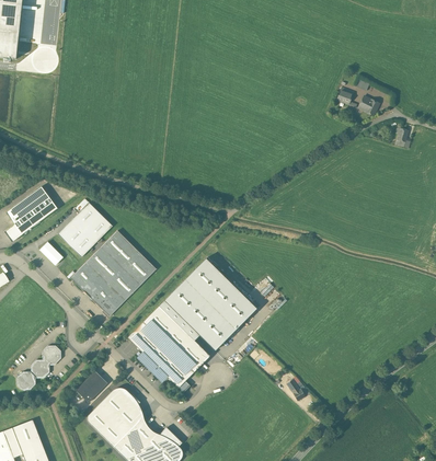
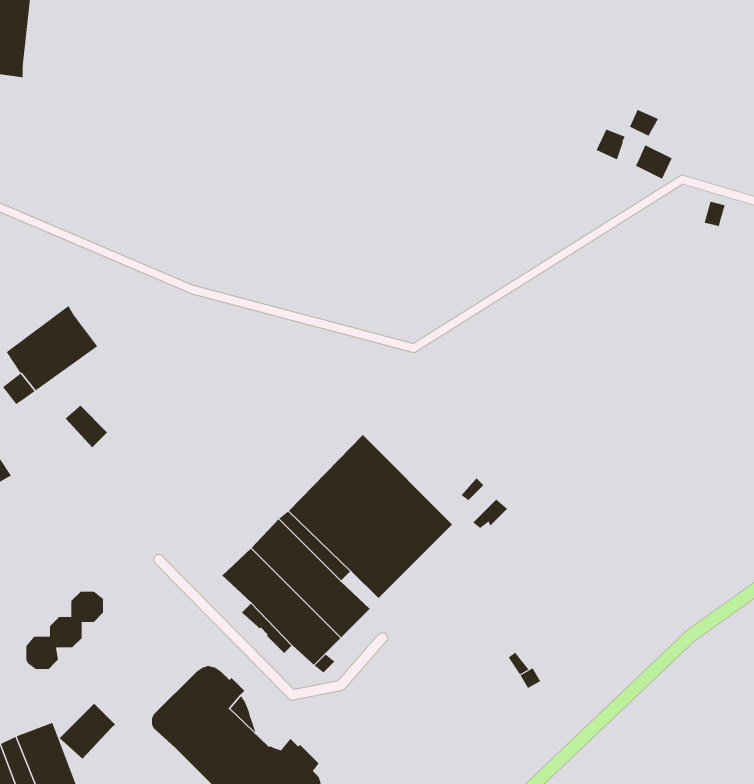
building: [58,203,113,257] -> none
building: [70,231,157,316] -> none
building: [76,371,107,403] -> [59,703,116,760]

